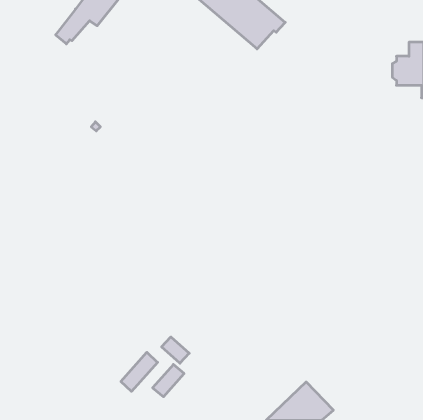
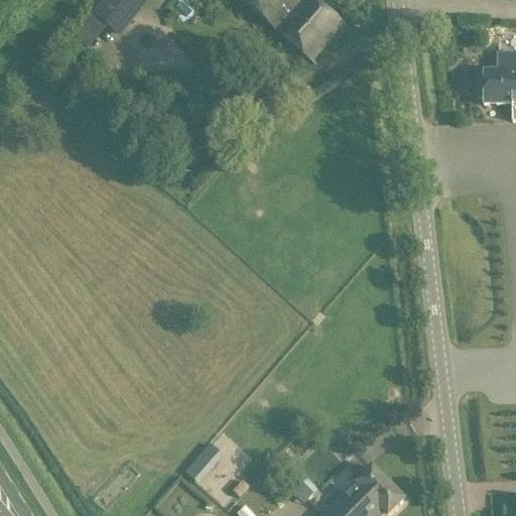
building: [162,337,189,363] -> none
building: [121,352,158,391] -> none

